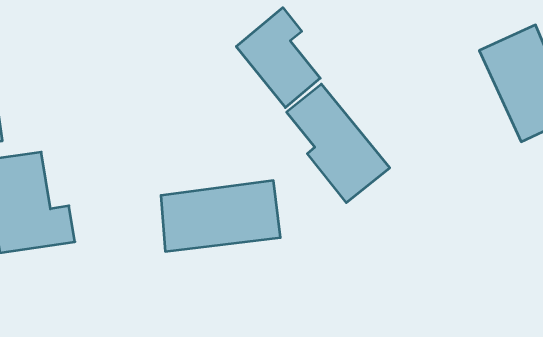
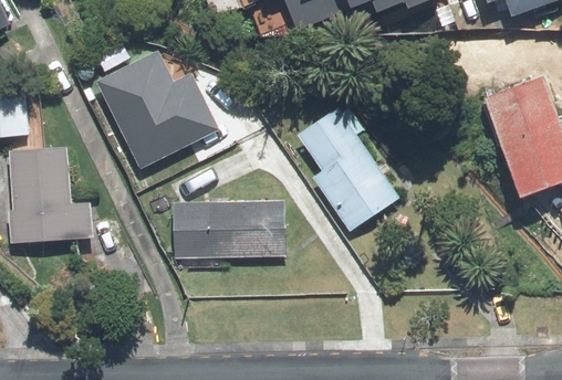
building: [236,8,320,108] -> none
building: none -> [96,53,216,166]

